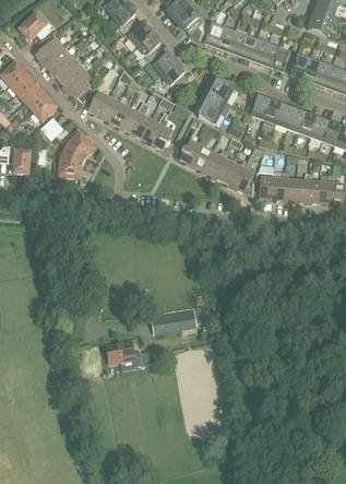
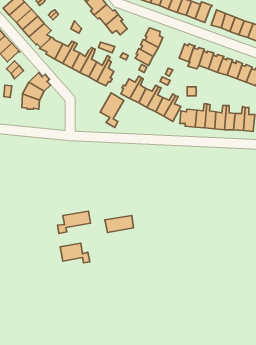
building: none -> [100,93,124,127]
building: none -> [58,211,90,233]

